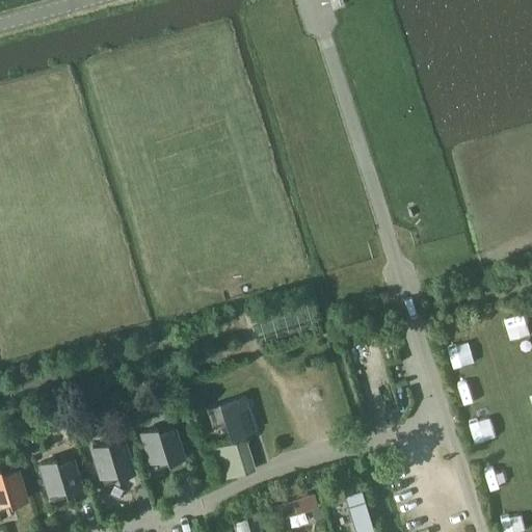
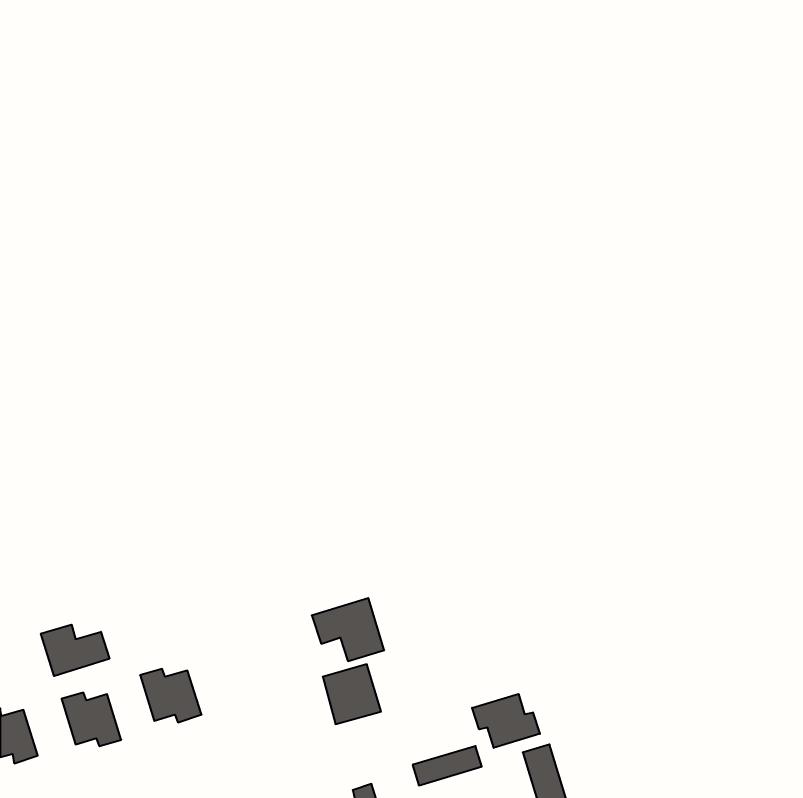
building: none -> [41,625,109,676]
building: [142,430,183,466] -> none
building: none -> [472,694,540,748]

